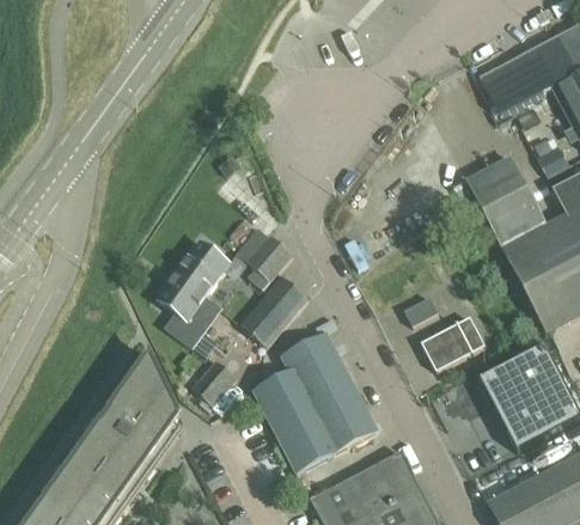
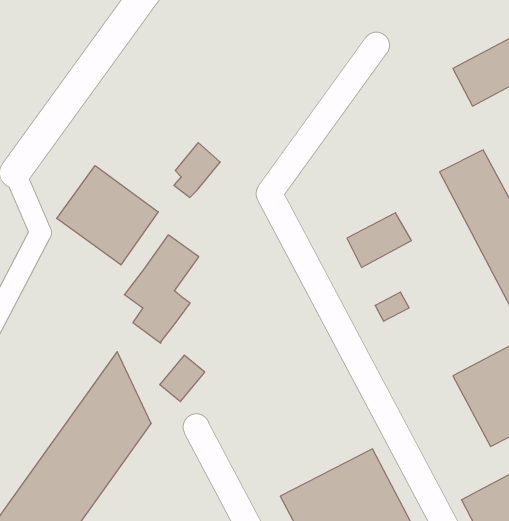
building: none -> [57,166,158,265]
building: [246,233,292,287] -> [174,143,220,197]
building: [240,275,307,344] -> none
building: [421,316,484,370] -> [347,213,411,267]
building: [251,330,377,471] -> none

